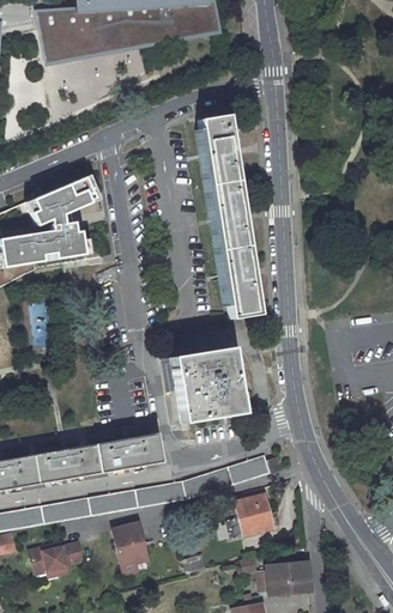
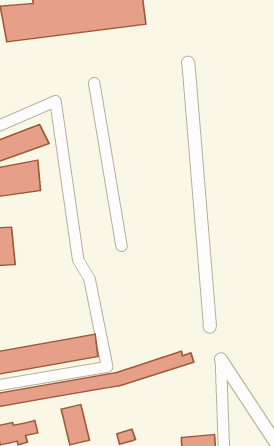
building: [200,115,260,318] -> none
building: [173,347,243,423] -> none
building: [229,486,274,536] -> none

